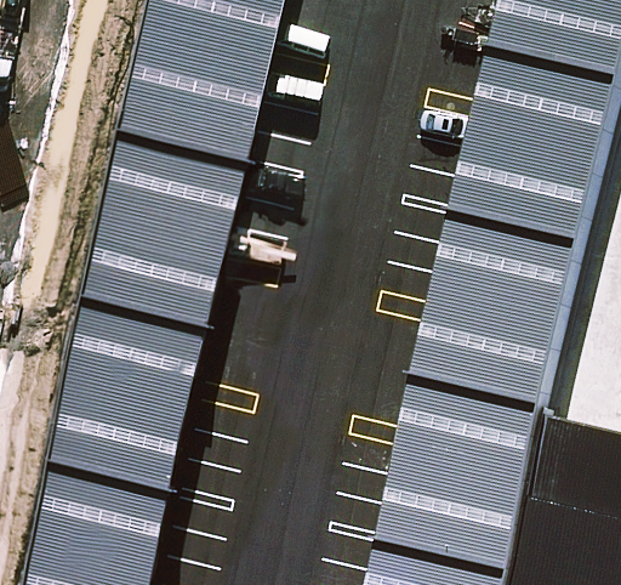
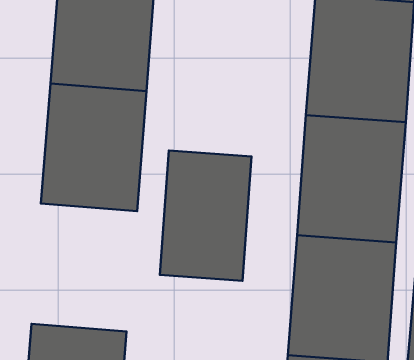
building: none -> [160,151,251,281]
building: [49,278,210,464] -> none

